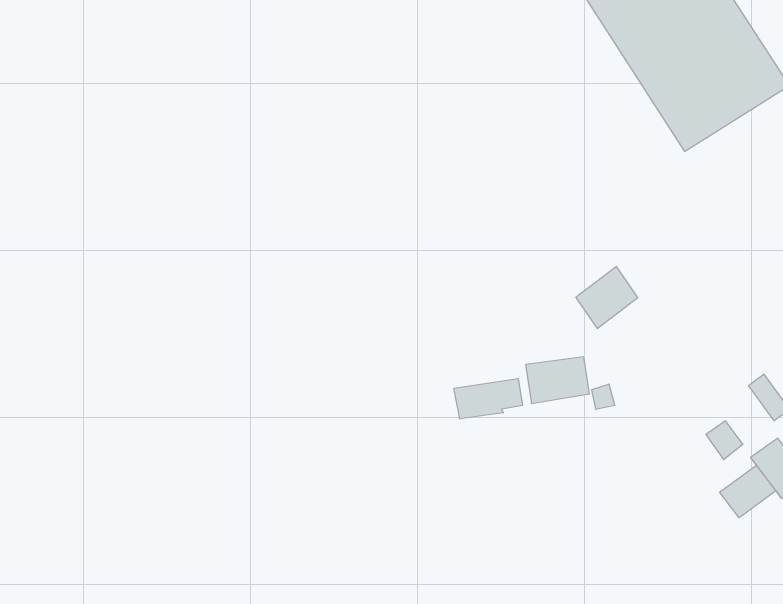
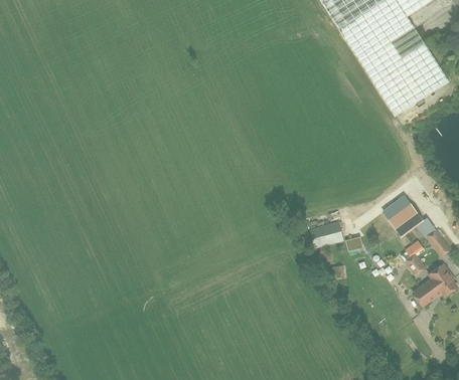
building: [576,266,638,328] -> [390,203,422,235]
building: [454,379,522,419] -> none

